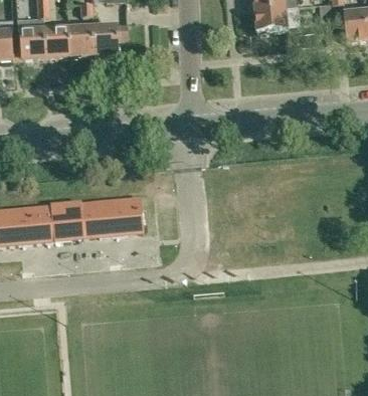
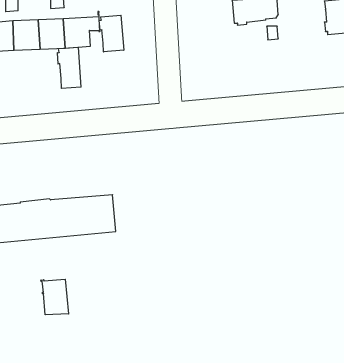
building: none -> [99,15,124,52]
building: none -> [57,47,81,88]
building: none -> [41,279,69,315]

